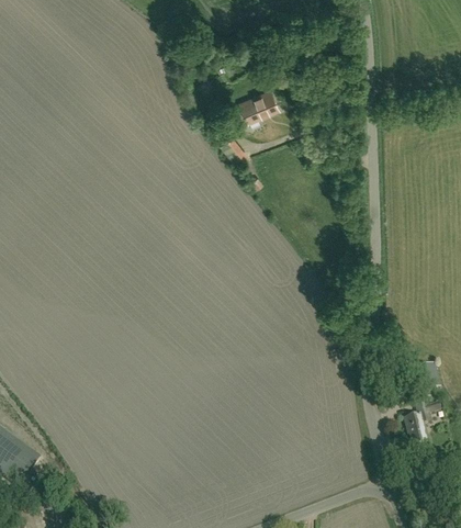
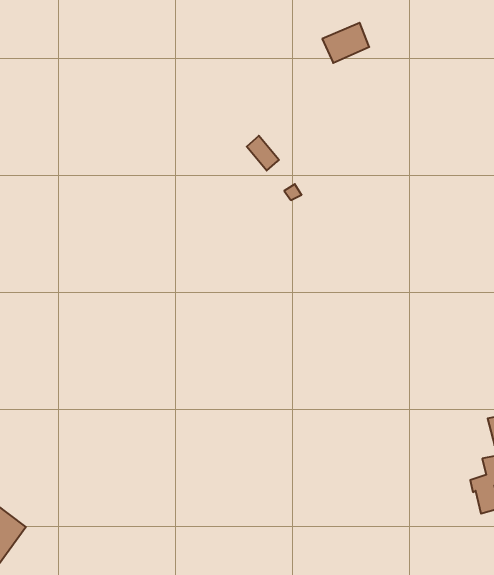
building: [238,87,277,120] -> [322,23,369,63]

